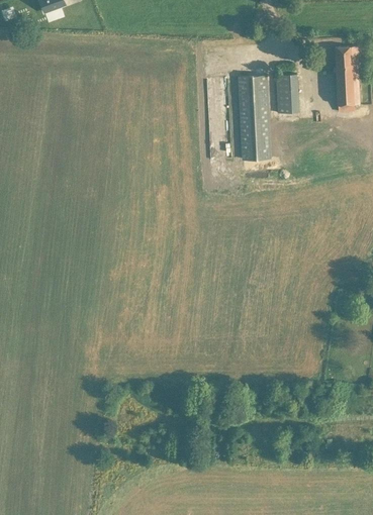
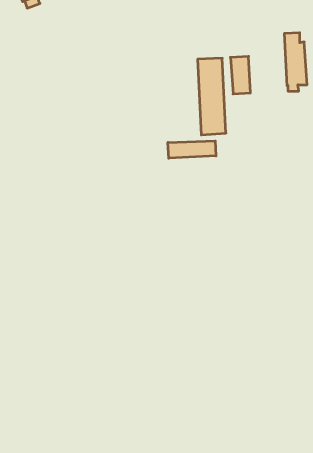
building: none -> [168,141,216,158]

